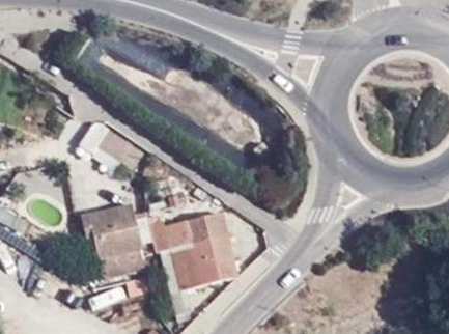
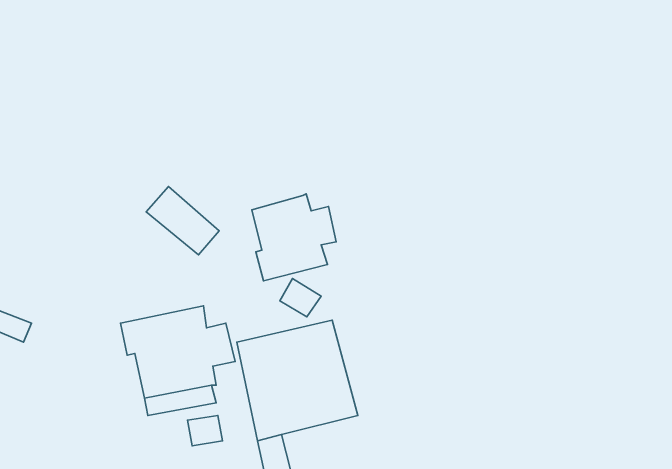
building: none -> [252,194,336,281]

